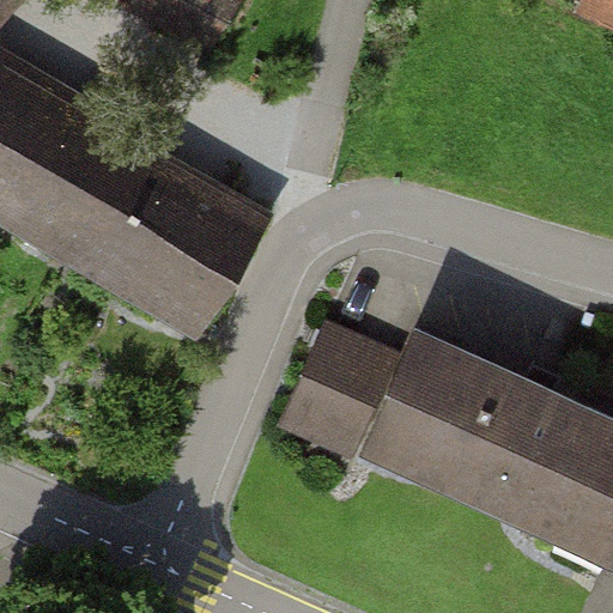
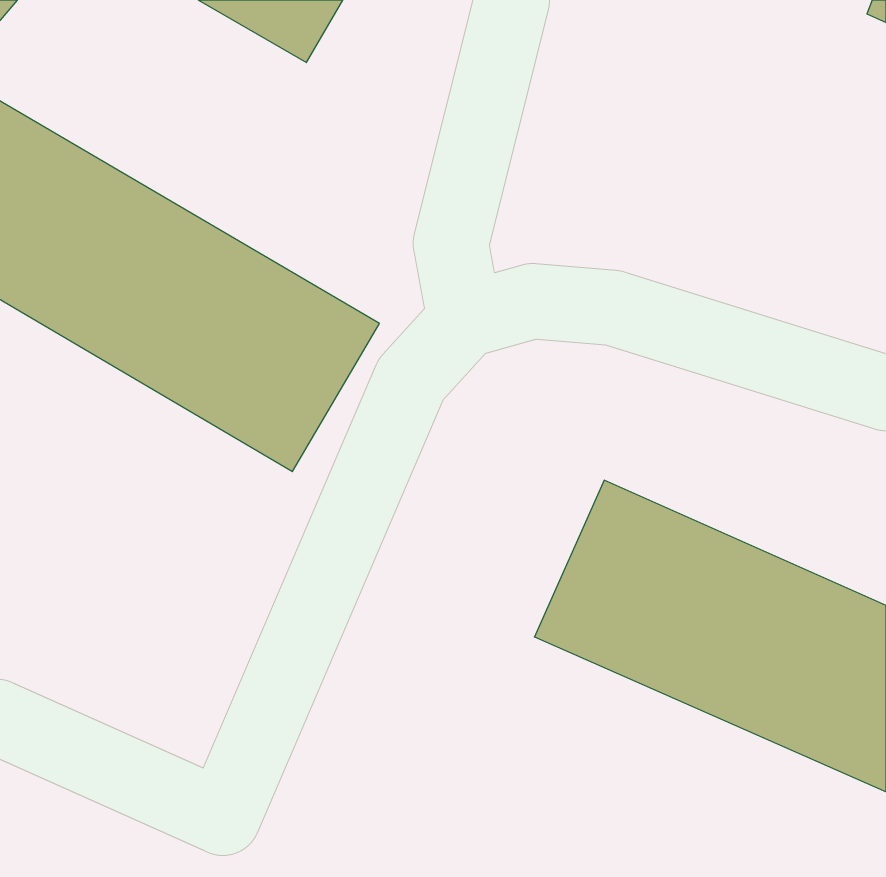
building: [297,338,392,427] -> none

